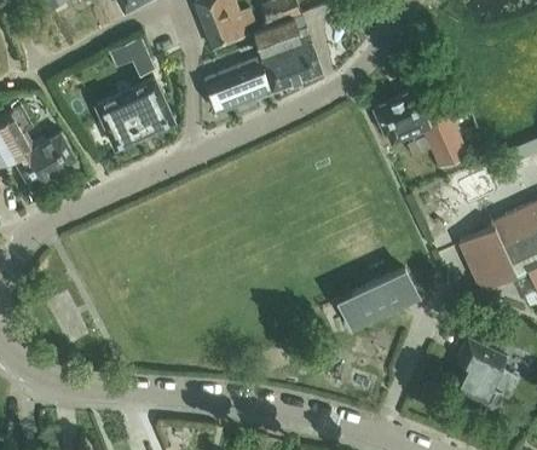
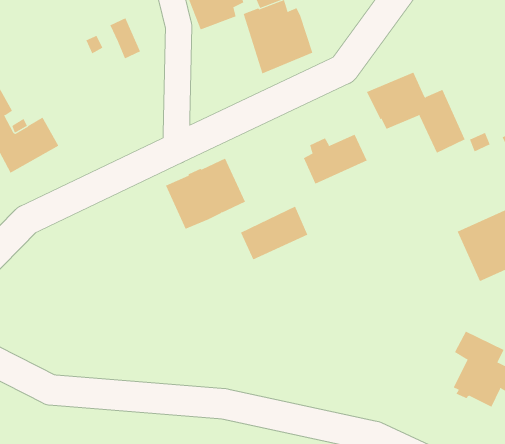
building: [204,58,270,112] -> none
building: [96,80,173,149] -> [165,158,246,229]
building: none -> [303,134,368,184]
building: [351,270,416,322] -> [240,206,308,260]

